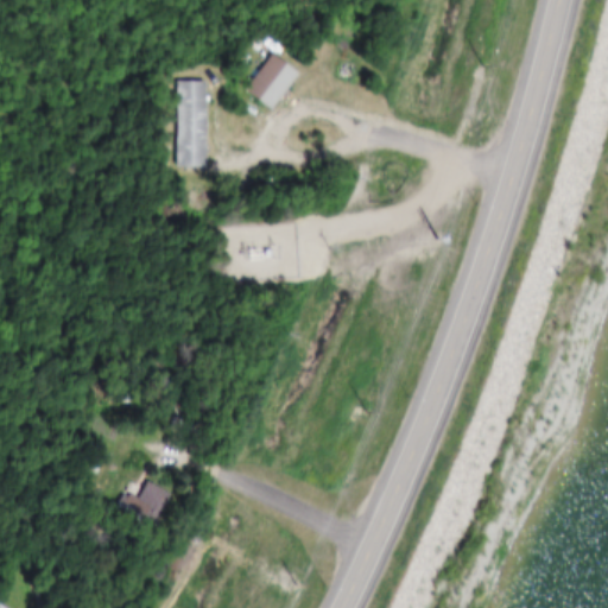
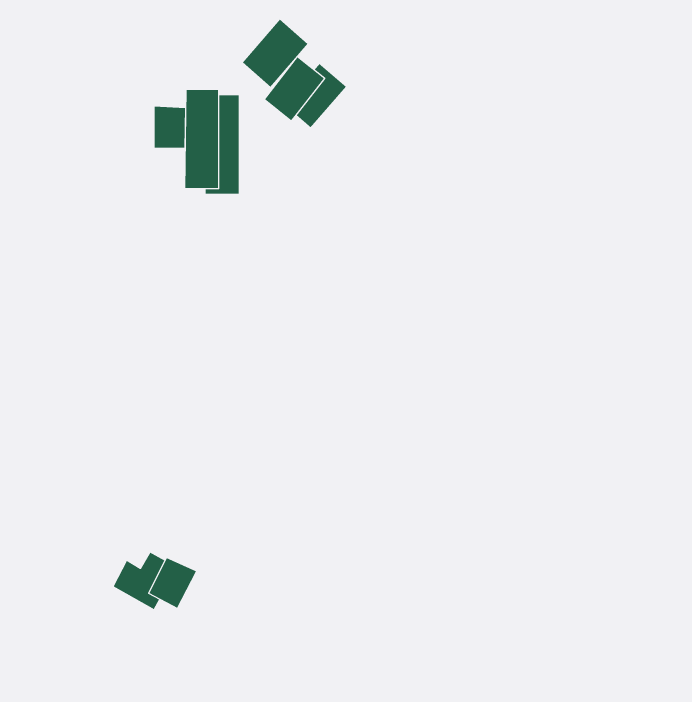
building: none -> [242,19,308,87]
building: none -> [154,106,185,149]

